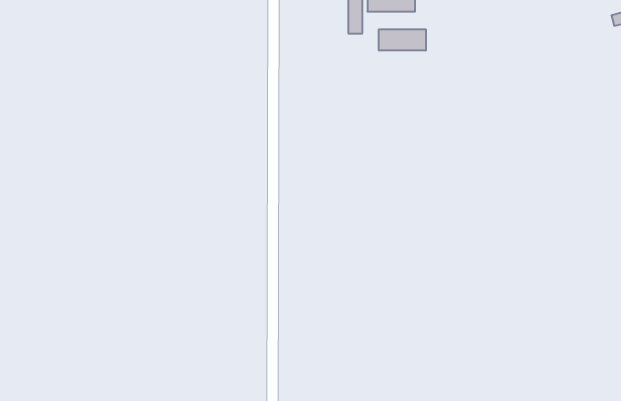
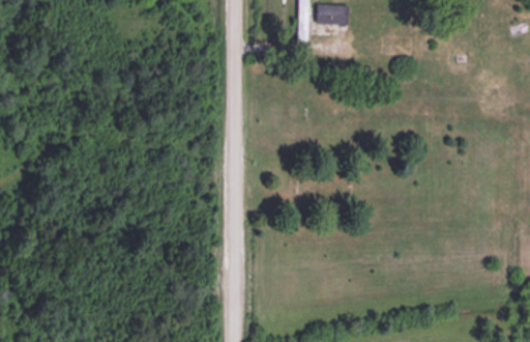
building: [379,29,426,51] -> none

